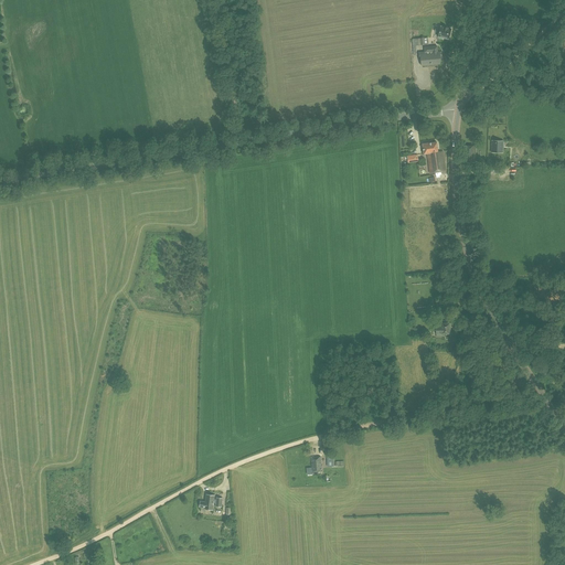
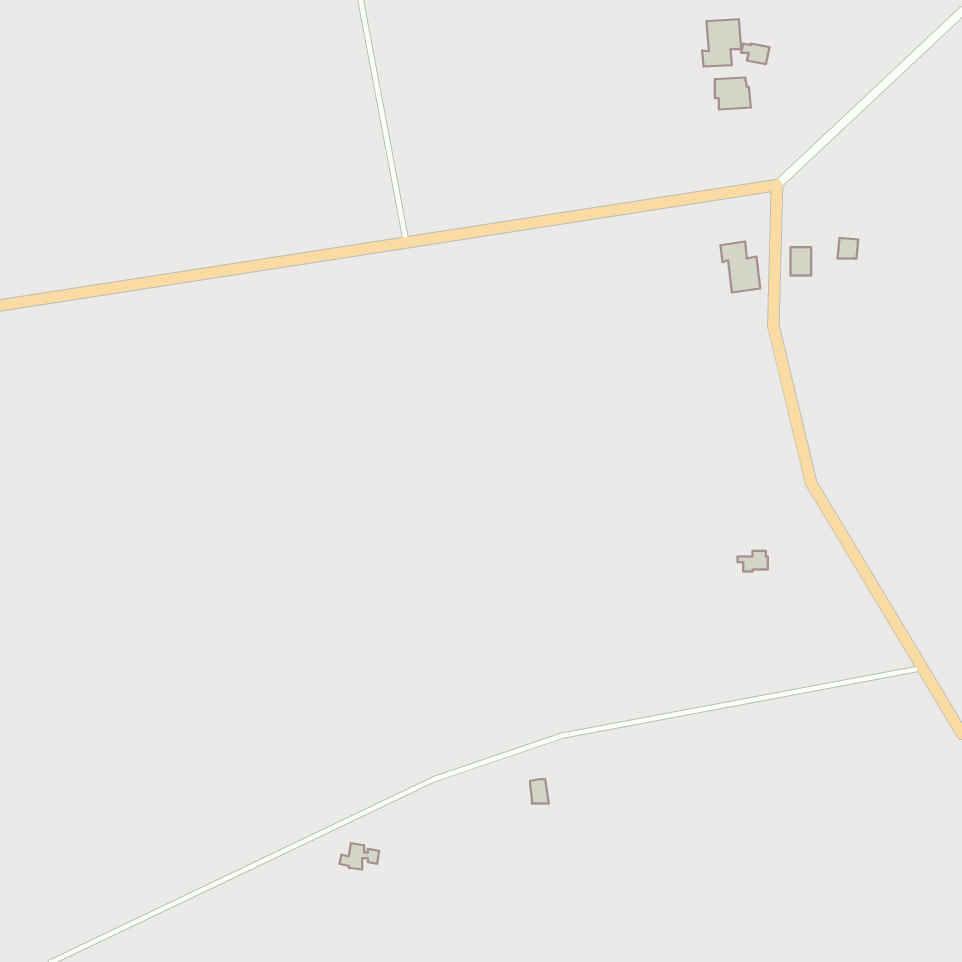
building: none -> [702,19,741,66]

